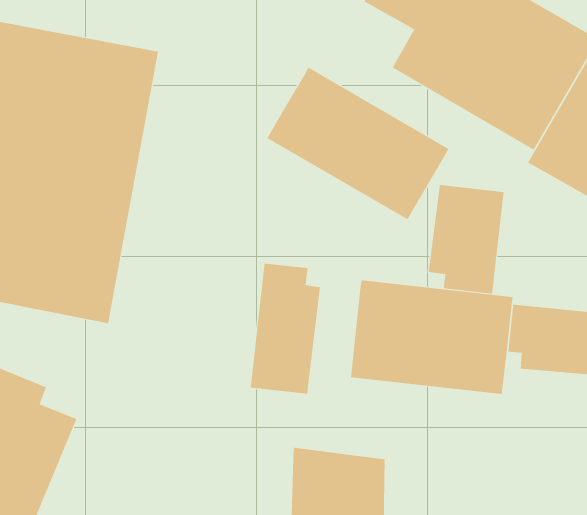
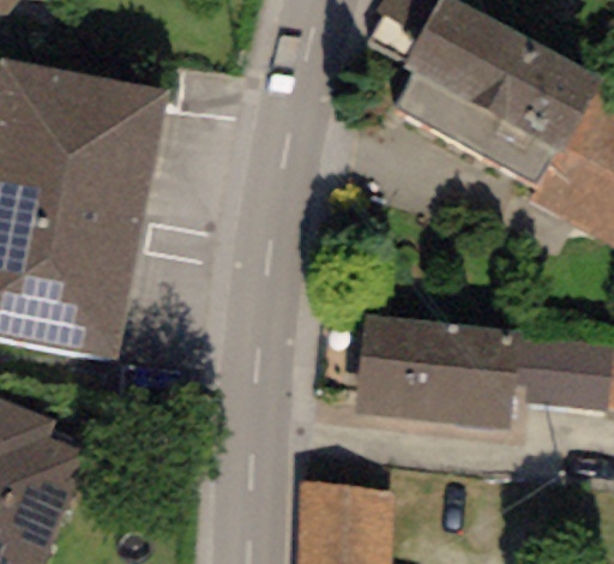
building: [267,66,449,220] -> none
building: [428,184,504,294] -> none
building: [250,263,321,395] -> none

